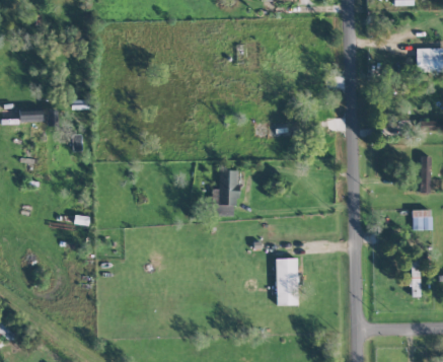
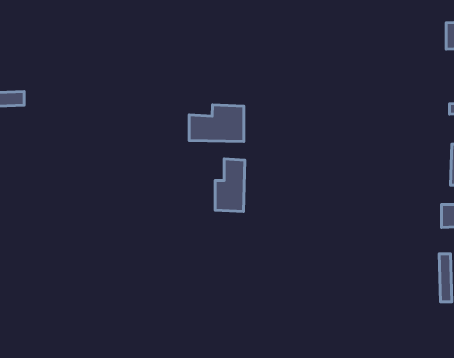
building: none -> [189,105,244,142]
building: [276,258,299,305] -> none

